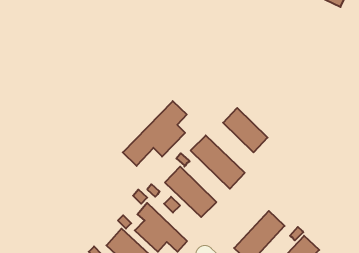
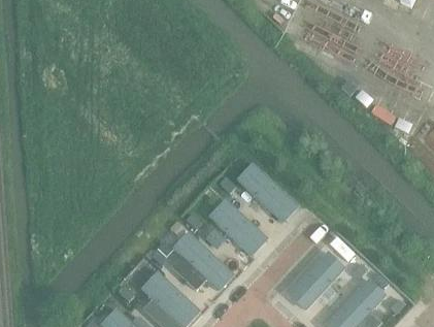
building: [123,101,187,166] -> none
building: [223,108,268,152] -> none

